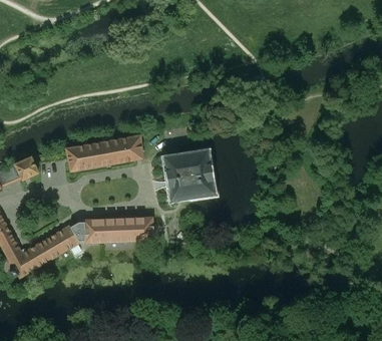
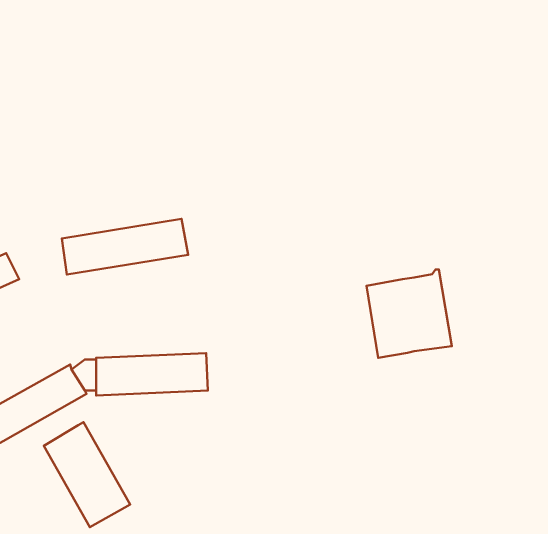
building: [163,146,216,201] -> [367,269,452,358]
building: none -> [44,422,130,527]

